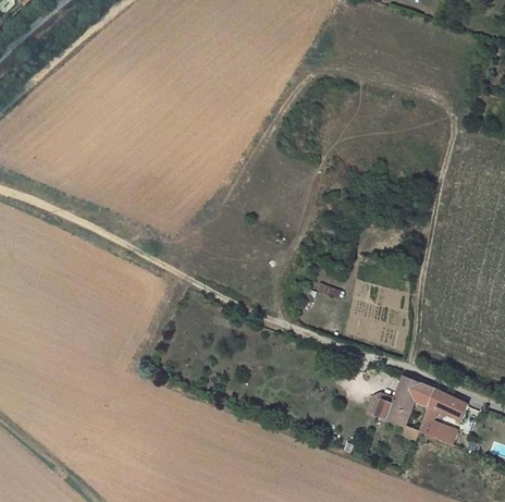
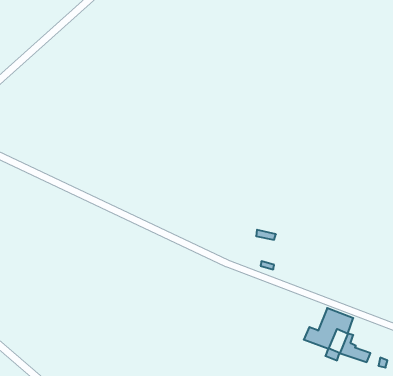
building: [429,389,467,419] -> none

